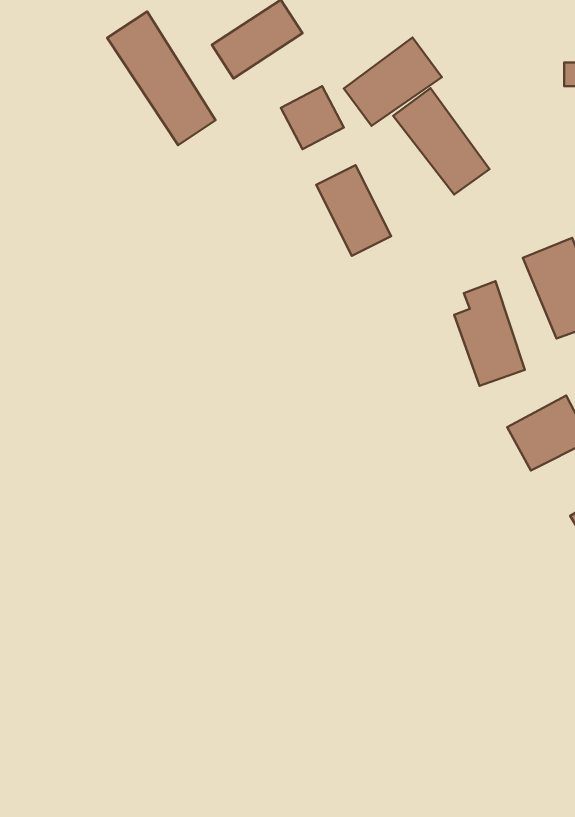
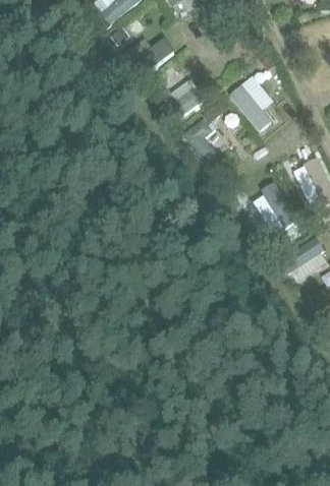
building: [107,12,215,145] -> none
building: [344,38,442,126] -> none

